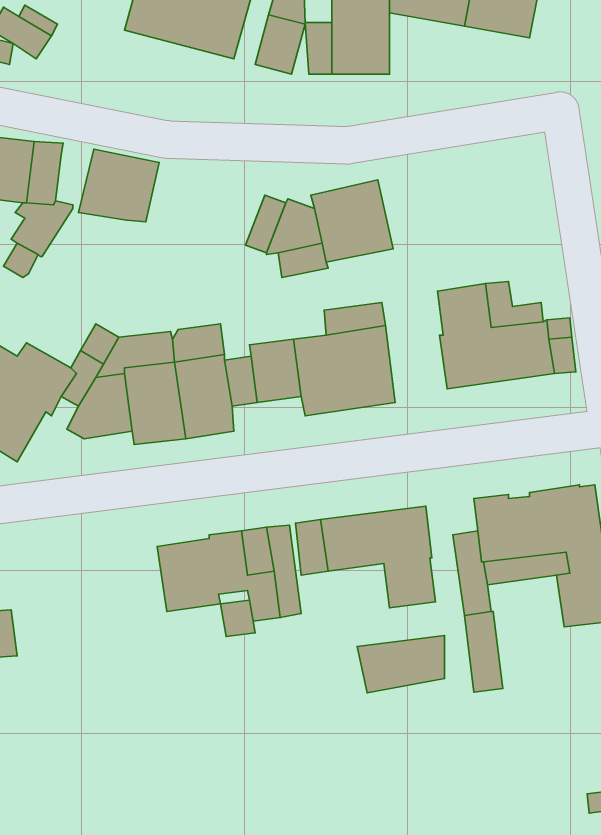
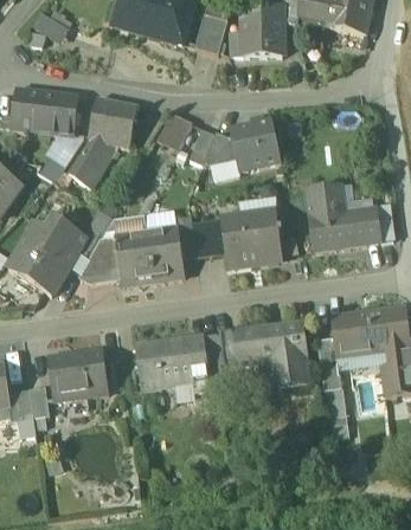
building: none -> [155,114,192,155]
building: none -> [69,140,116,185]
building: none -> [47,348,108,398]
building: [357,636,445,693] -> none

